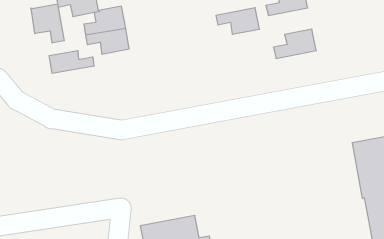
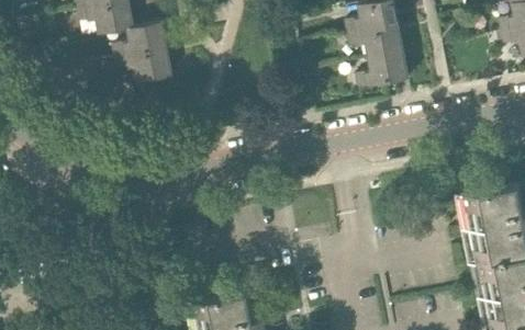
building: [31,4,64,43] -> none
building: [216,8,260,34] -> [348,25,404,59]
building: [49,51,94,73] -> none

